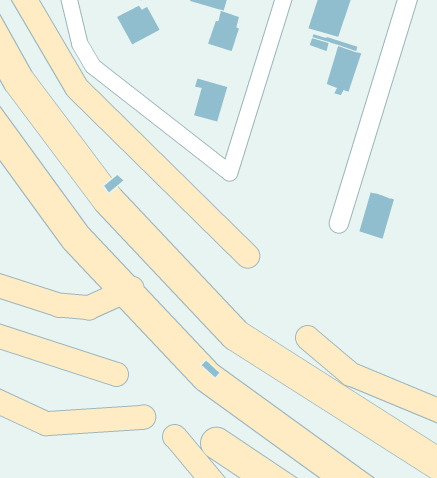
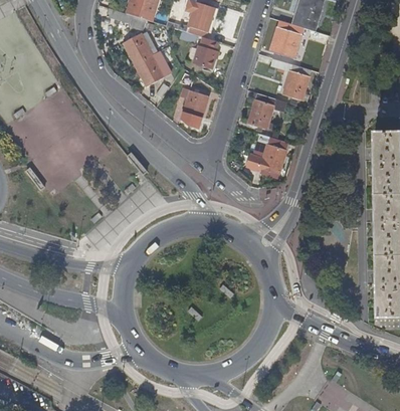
building: none -> [134,55,168,86]
building: none -> [247,93,285,130]
building: [358,191,395,239] -> [260,137,288,174]

